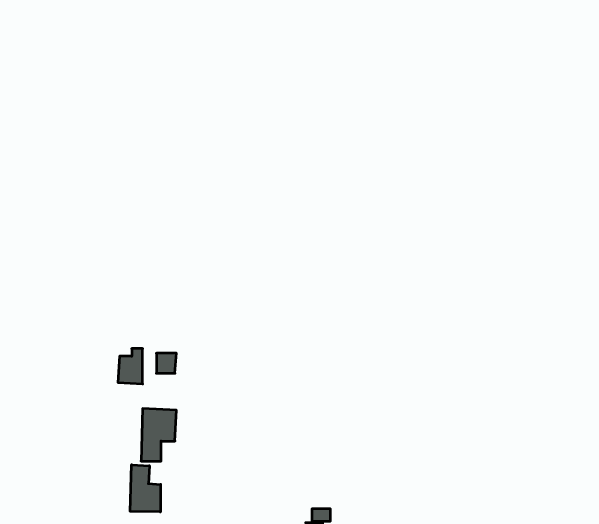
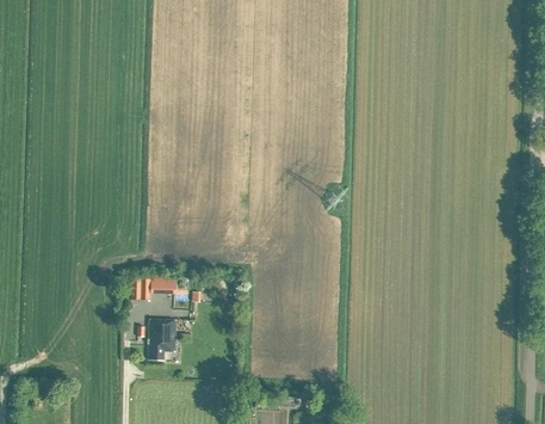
building: [130,465,161,512] -> none

